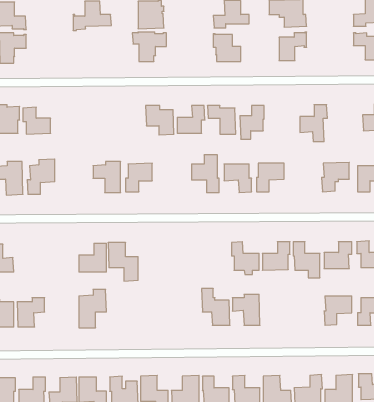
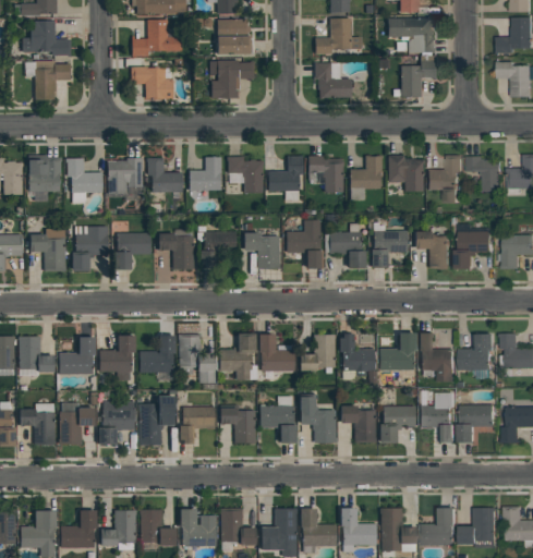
building: none -> [131,66,174,100]
building: none -> [388,155,422,192]
building: none -> [468,156,504,191]
building: none -> [190,157,221,191]
building: none -> [107,158,143,194]
building: none -> [147,158,182,192]
building: none -> [415,226,451,268]
building: none -> [114,232,150,270]
building: none -> [243,233,280,269]
building: none -> [219,333,255,381]
building: none -> [259,335,294,372]
building: none -> [300,335,336,371]
building: none -> [99,336,135,373]
building: none -> [60,337,95,375]
building: none -> [421,392,457,442]
building: none -> [99,402,134,445]
building: none -> [259,405,296,444]
building: none -> [180,407,216,444]
building: none -> [380,407,415,442]
building: none -> [220,408,256,444]

